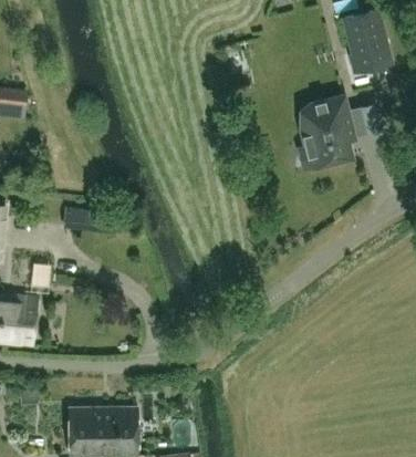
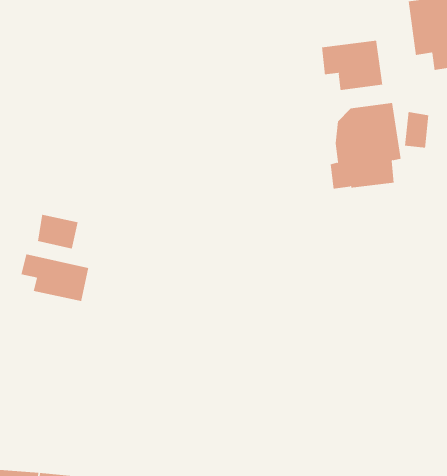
building: none -> [321,40,383,91]
building: none -> [21,253,89,302]

